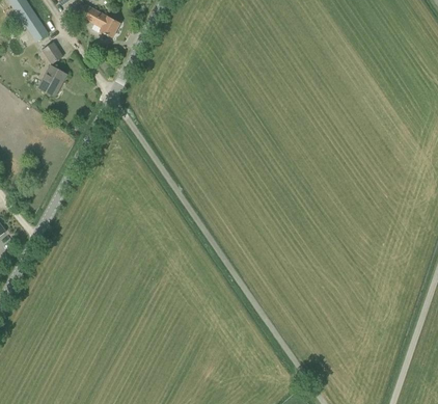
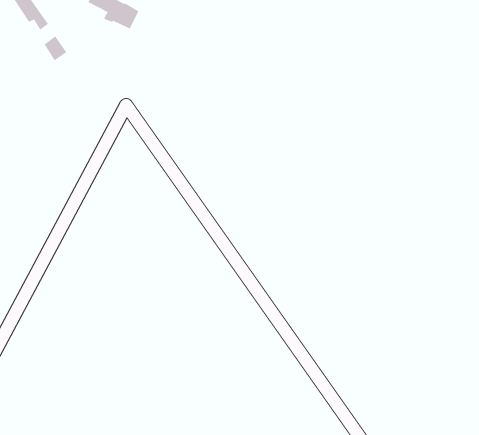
building: [38,64,66,96] -> none

